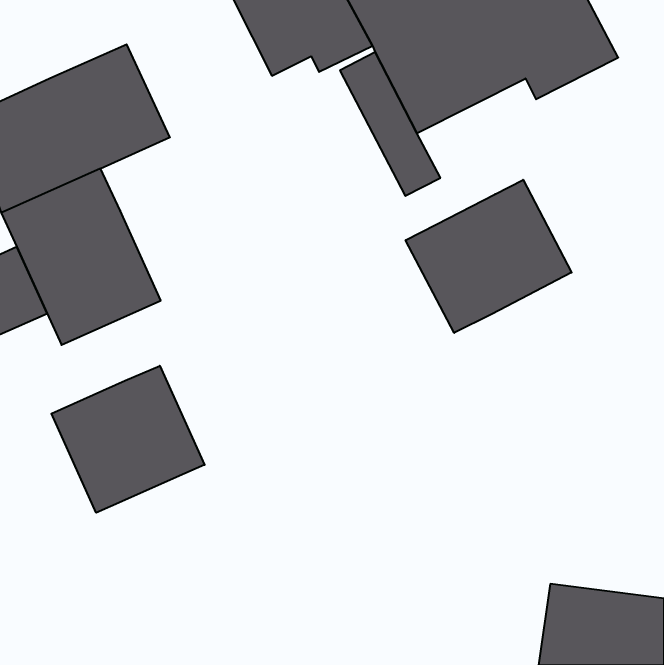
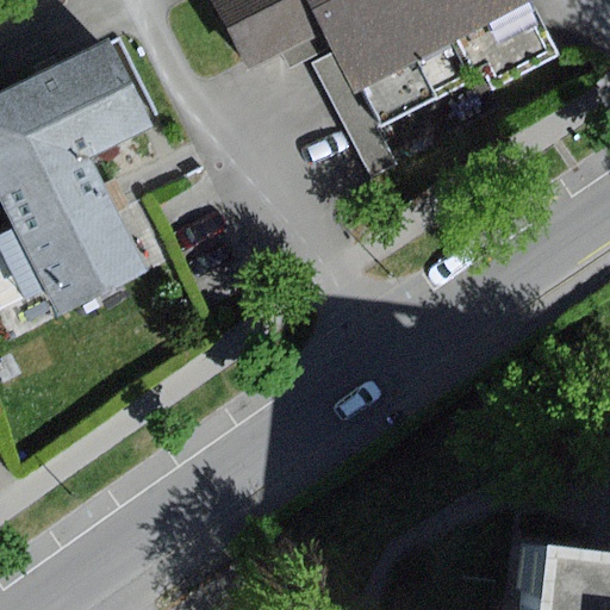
building: [406,180,572,333] -> none
building: [51,366,205,513] -> none

